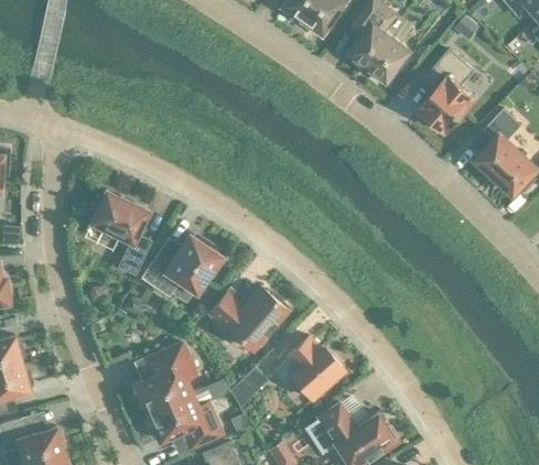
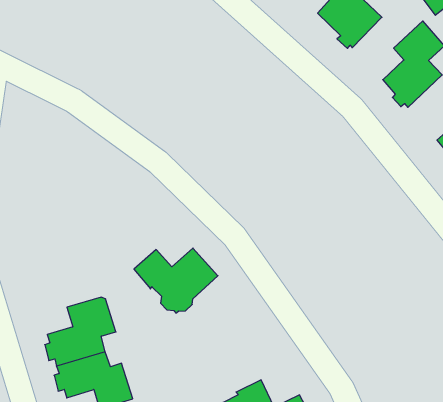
building: [88,191,150,274] -> none
building: [142,236,223,296] -> none
building: [273,336,345,400] -> none
building: [229,367,268,408] -> none

